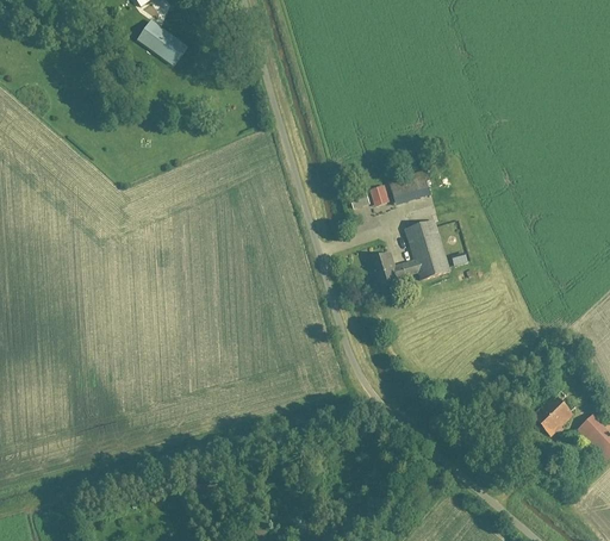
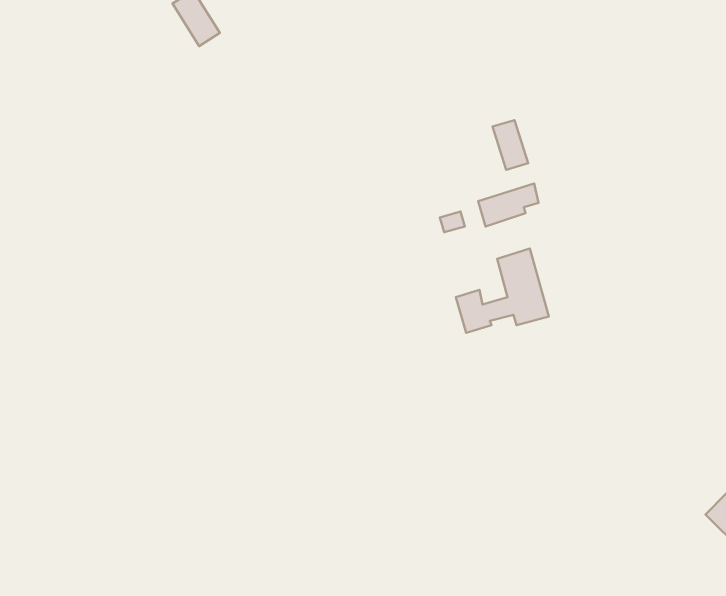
building: none -> [492,120,528,170]
building: [533,397,573,437] -> none

